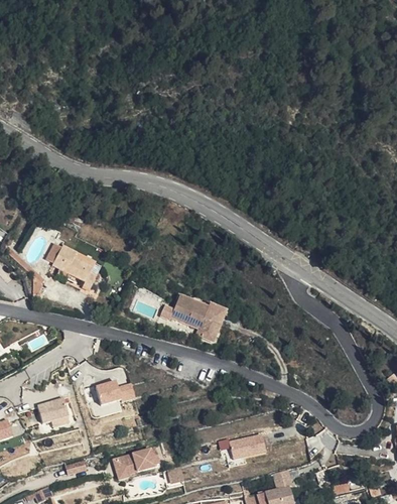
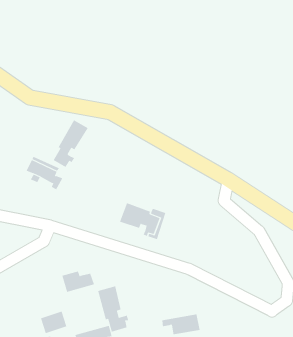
building: none -> [53,120,88,168]
building: [36,396,70,424] -> [40,311,67,334]
building: none -> [98,286,129,332]

